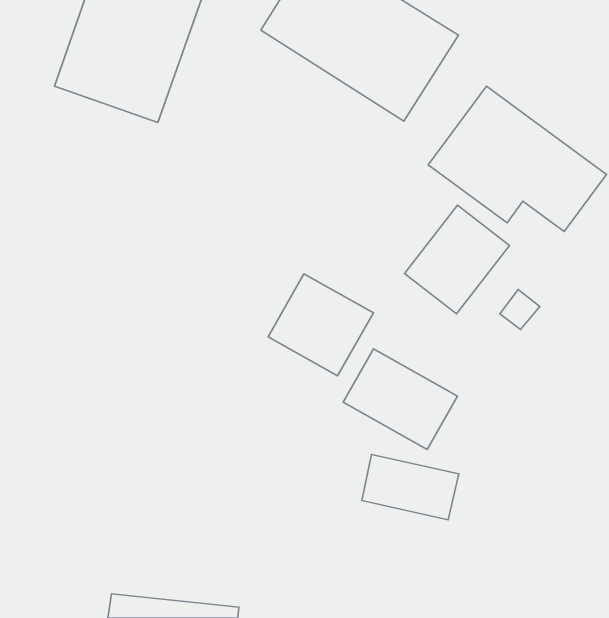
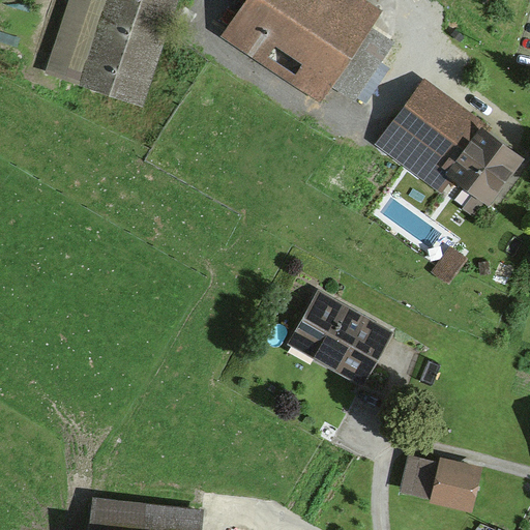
building: [404,205,510,314] -> none
building: [268,274,373,376] -> none
building: [362,454,459,520] -> [396,452,479,508]

